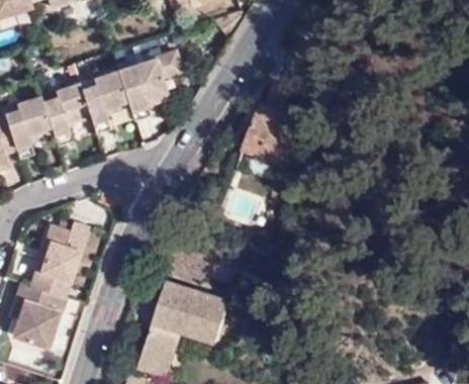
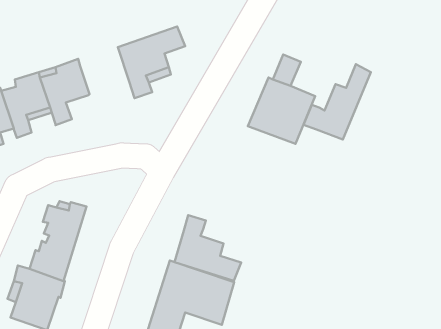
building: [80,72,127,134] -> none
building: none -> [303,64,371,140]
building: none -> [174,215,241,281]

